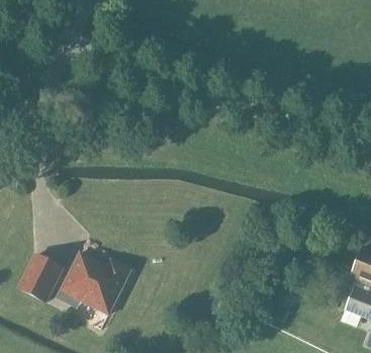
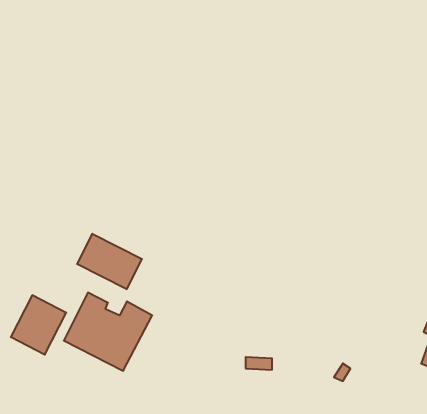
building: none -> [77,234,142,289]

